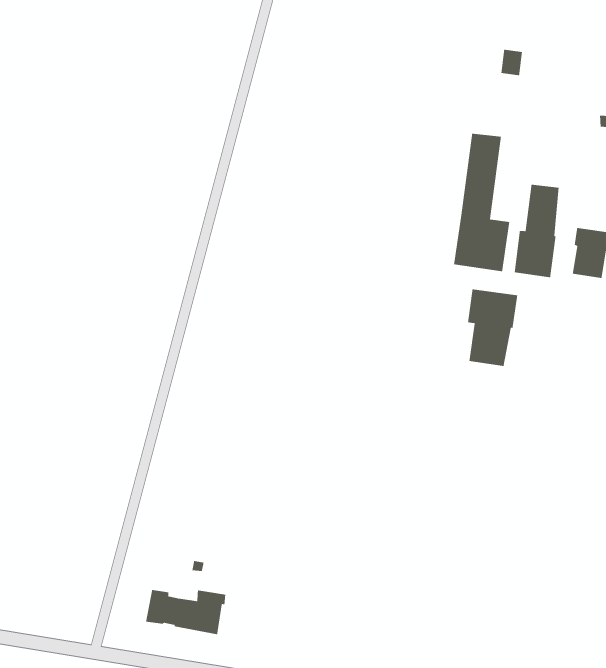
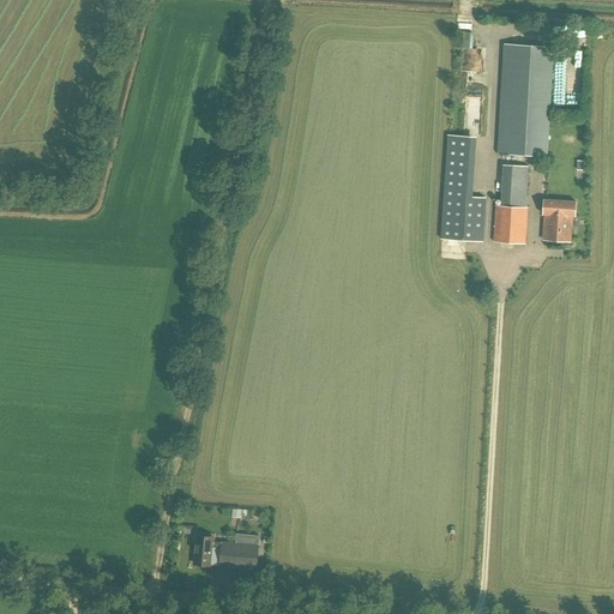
building: none -> [495,42,553,156]
building: [467,289,518,367] -> none

